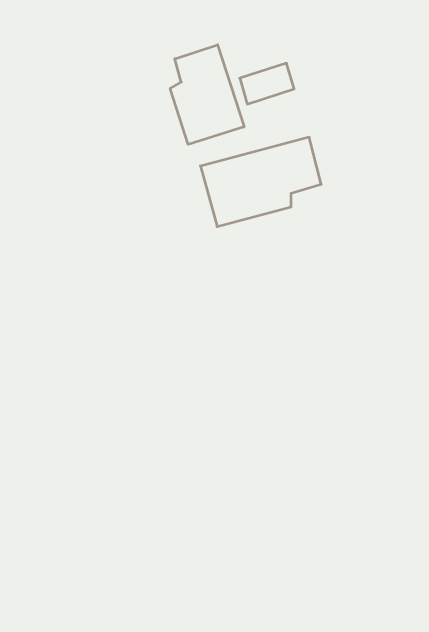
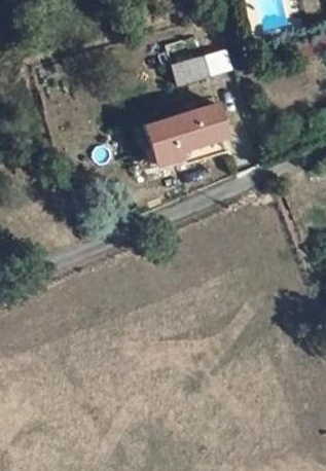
building: [170,45,244,144] -> none

